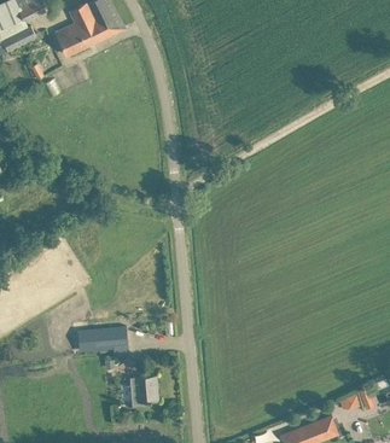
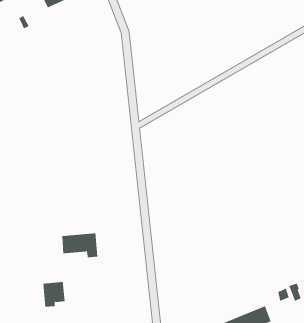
building: [130,377,158,408] -> [43,281,65,307]

